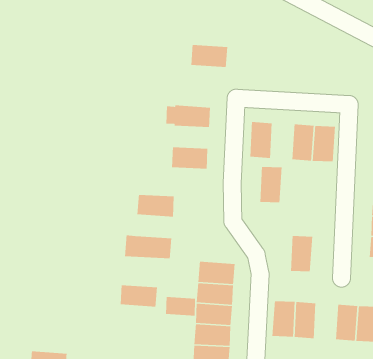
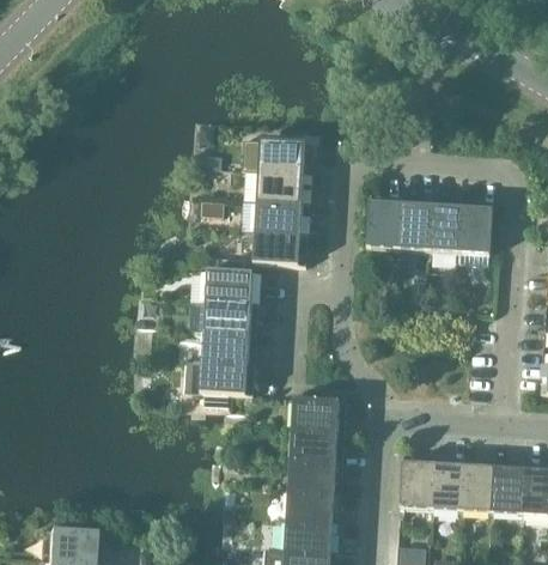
building: [190,44,228,68] -> [258,140,313,175]
building: none -> [255,202,310,235]
building: [259,166,282,203] -> [398,198,432,251]
building: none -> [206,271,261,304]
building: [290,235,313,272] -> [462,460,495,514]
building: [120,284,158,307] -> [202,332,257,365]
building: [165,296,196,316] -> none

